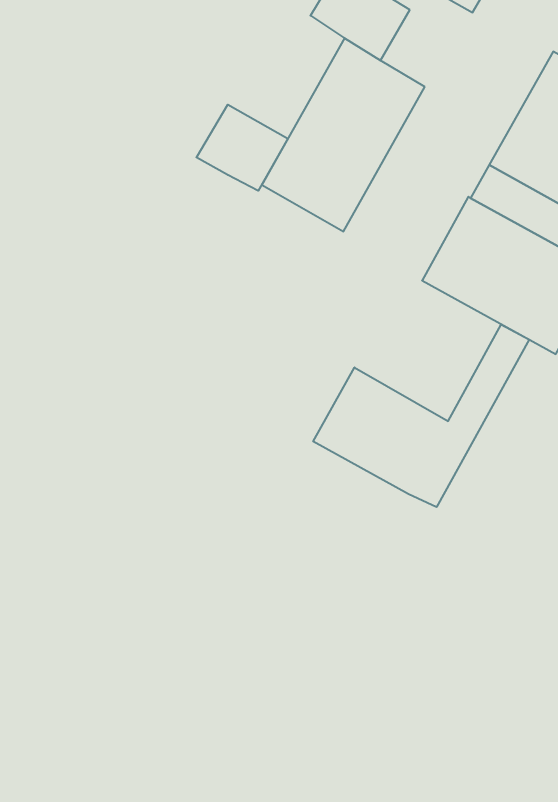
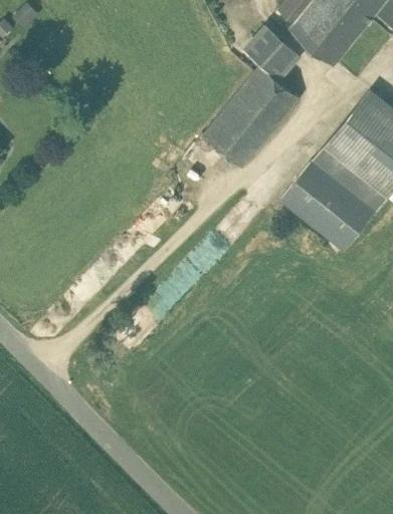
building: [196,105,288,191] -> none
building: [313,324,529,507] -> none

